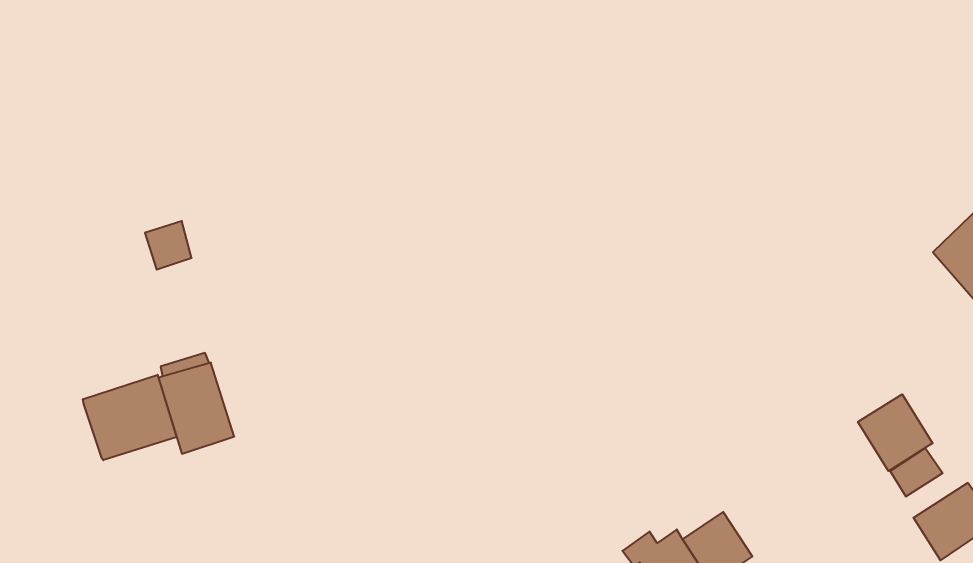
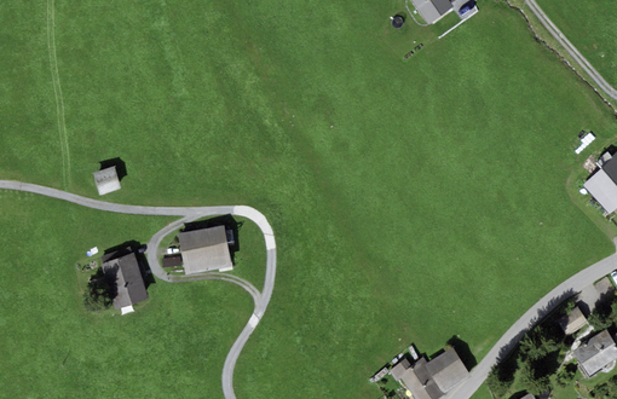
building: none -> [179,225,231,274]
building: [83,375,176,460] -> none
building: [858,394,933,471] -> none

